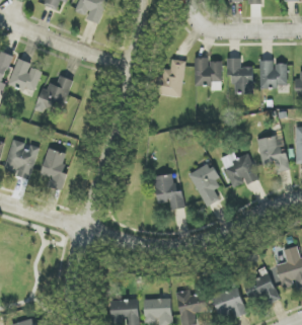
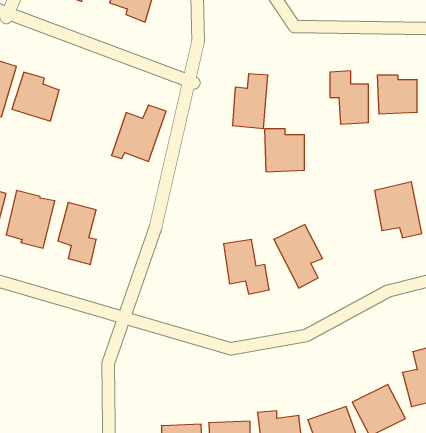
building: [195,57,222,86] -> [265,129,304,172]
building: [35,75,73,113] -> [111,105,166,161]
building: [221,151,259,186] -> none

